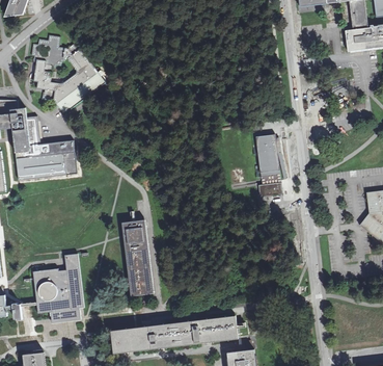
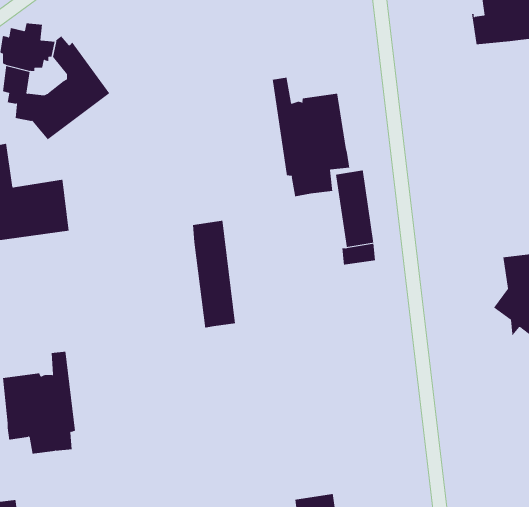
building: none -> [272,77,350,197]
building: [124,221,153,293] -> [192,220,236,328]
building: [111,318,238,351] -> none

